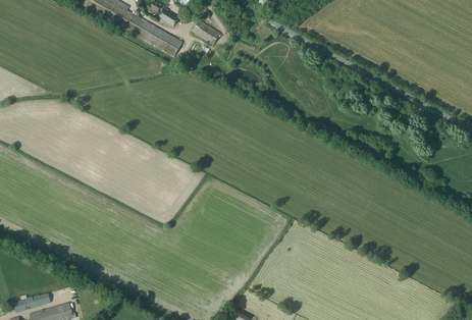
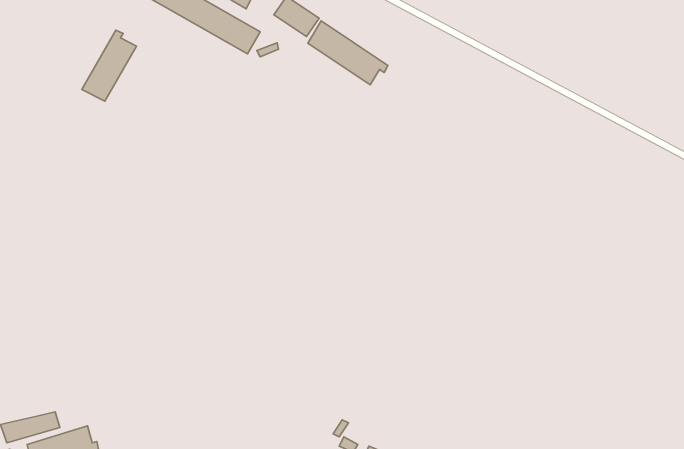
building: none -> [308,21,388,85]
building: none -> [82,30,136,101]

